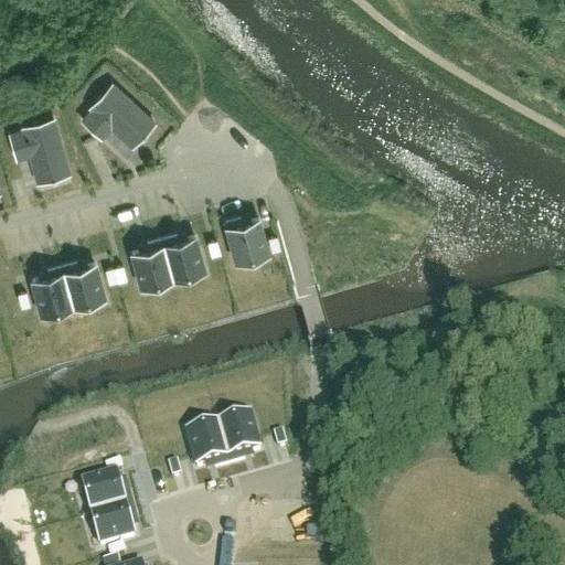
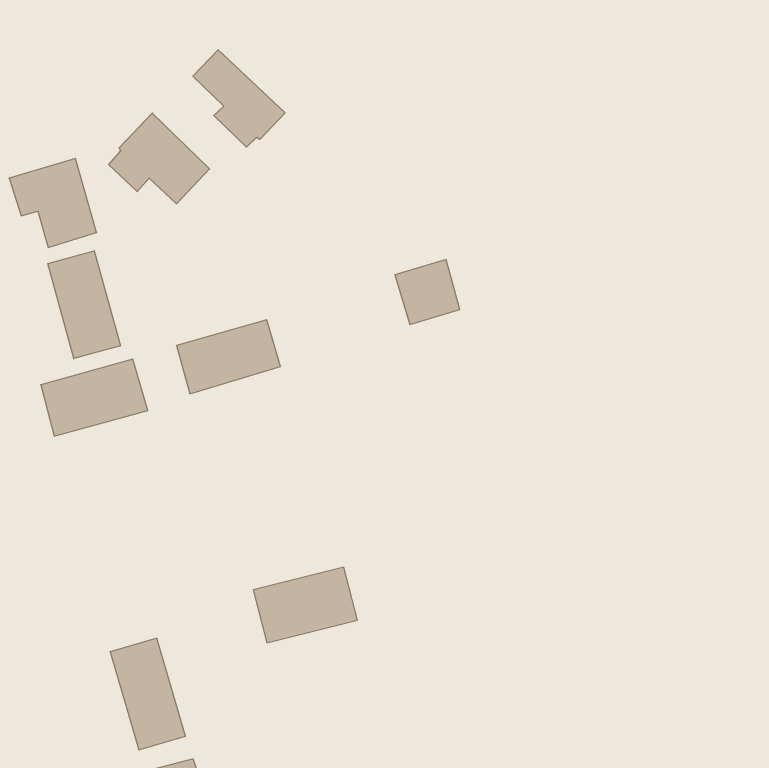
building: none -> [193,50,285,147]
building: none -> [48,251,120,359]
building: [221,218,268,266] -> [395,260,460,324]

